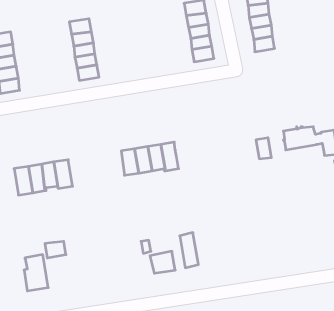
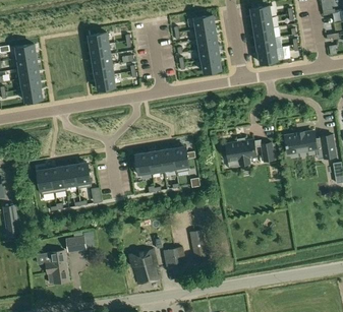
building: none -> [225,138,255,164]
building: none -> [128,248,160,284]

